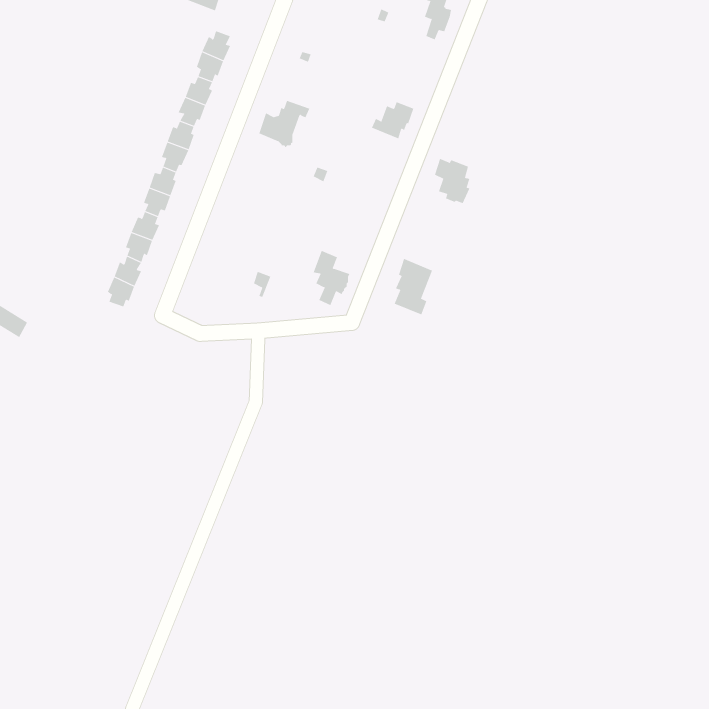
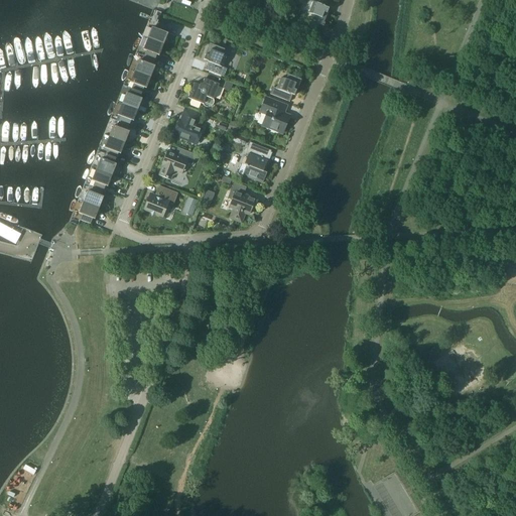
building: none -> [203,42,227,76]
building: none -> [172,109,202,143]
building: [434,158,470,204] -> [260,99,286,132]
building: none -> [158,148,196,179]
building: none -> [143,184,177,217]
building: [394,258,433,315] -> [242,141,270,182]

